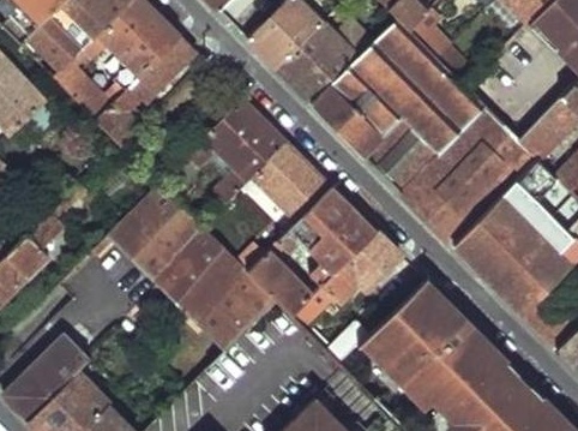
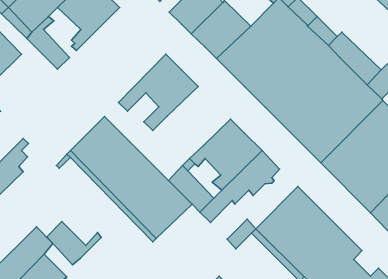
building: [95,34,197,142] -> none
building: [245,142,332,222] -> none
building: none -> [47,222,101,265]

